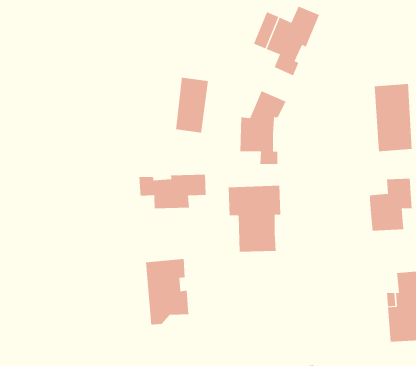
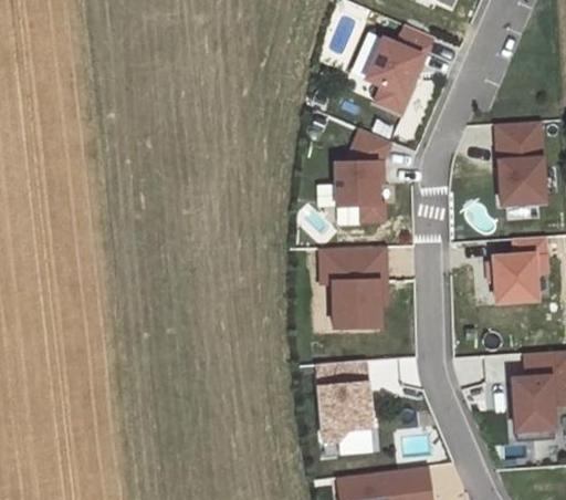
building: [175,77,208,133] -> none
building: [139,174,206,209] -> none
building: [145,258,189,325] -> [316,362,370,444]

